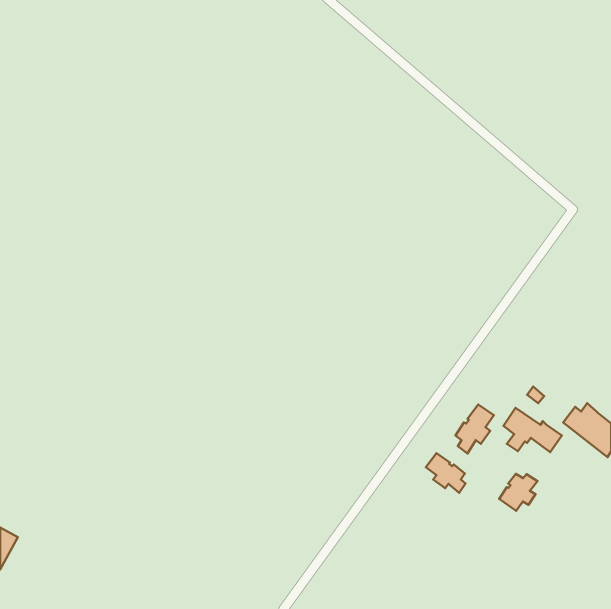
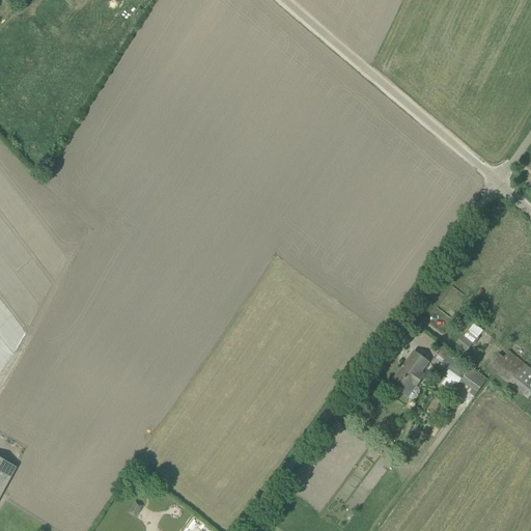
building: [426,453,466,493] -> none
building: [499,474,538,511] -> none

